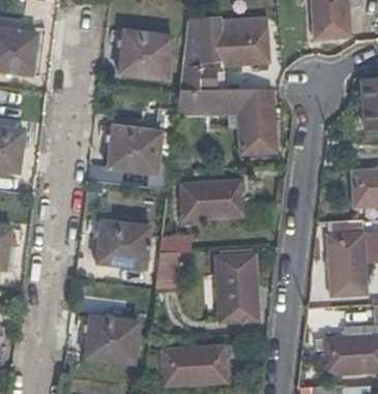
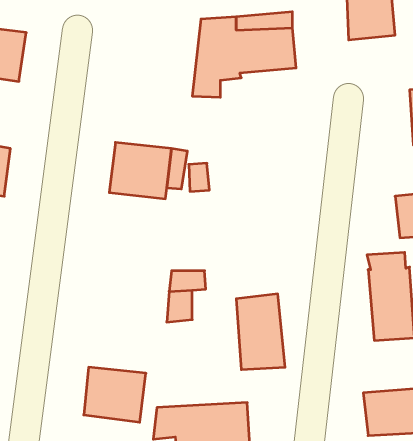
building: [118,31,172,77] -> none
building: [175,91,273,153] -> none
building: [180,180,244,219] -> none
building: [96,221,149,268] -> none

